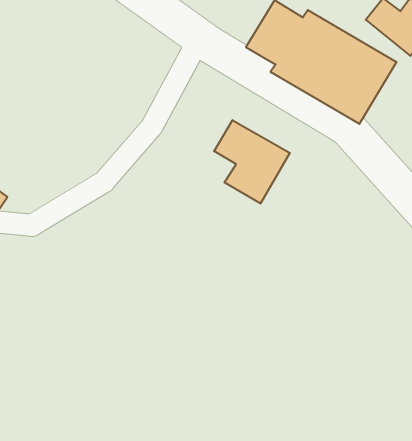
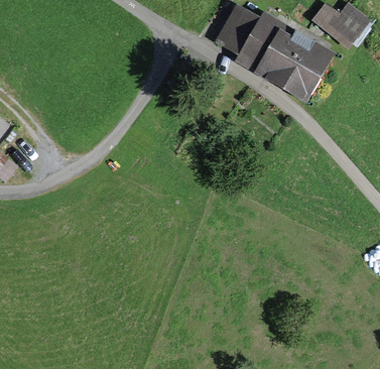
building: [214,120,290,204] -> none

